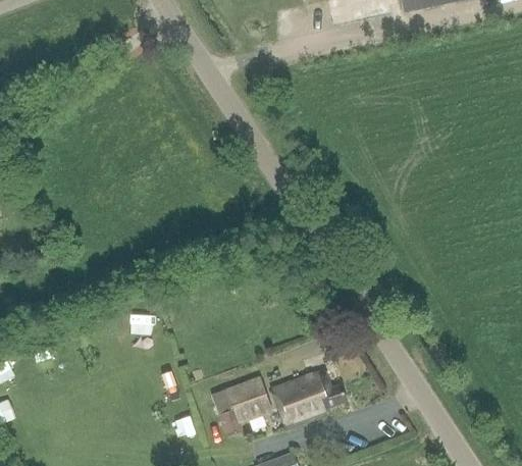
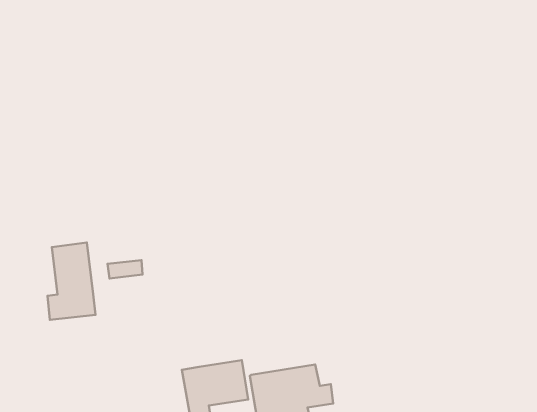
building: none -> [48,243,95,320]

